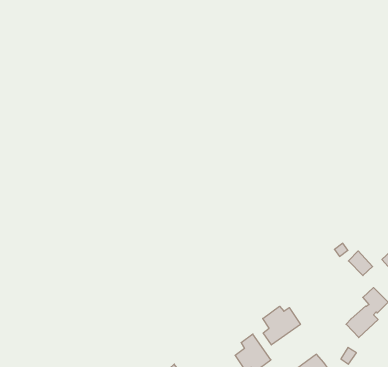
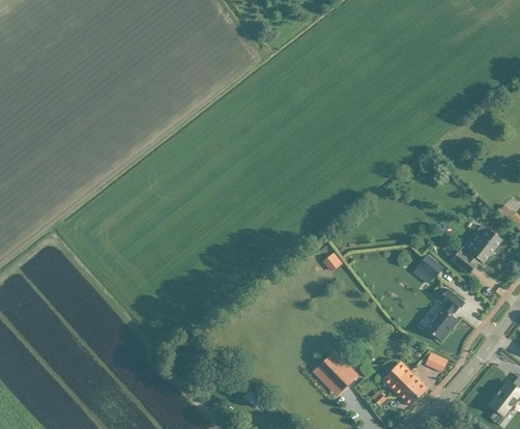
building: [263,306,300,345] -> none

